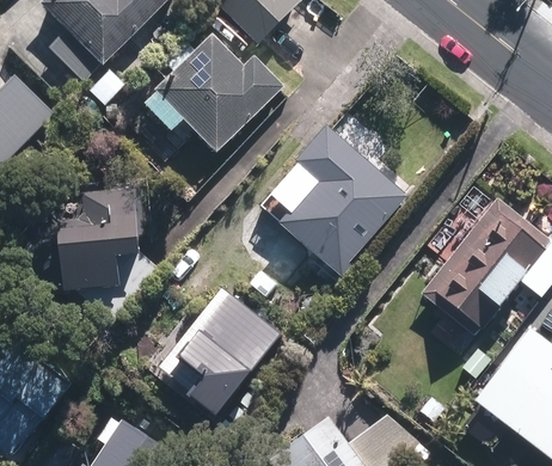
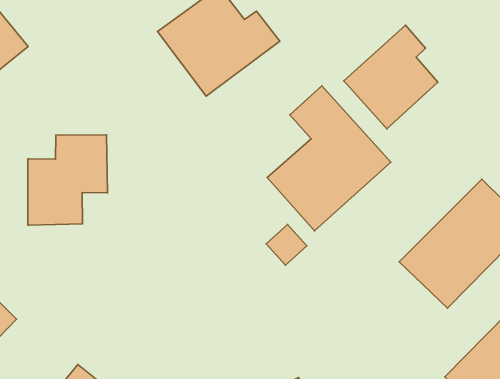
building: none -> [344,25,438,129]
building: [171,298,269,417] -> none

